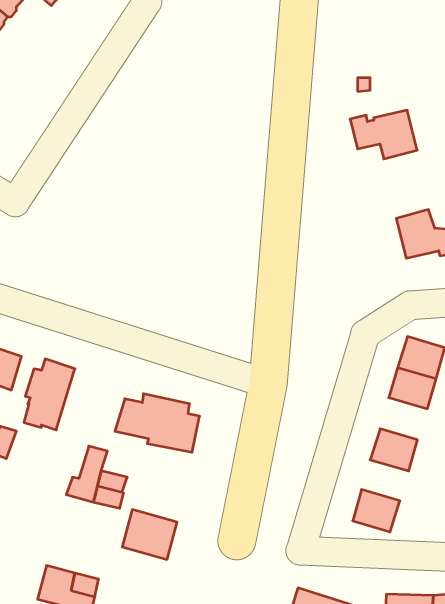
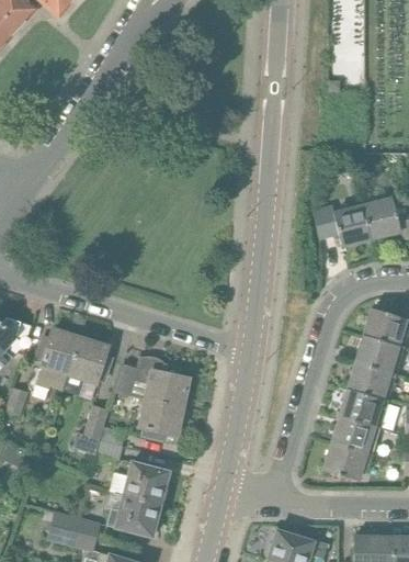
building: [350,110,417,159] -> [313,203,372,246]
building: none -> [64,336,112,395]
building: none -> [349,361,390,398]
building: none -> [138,402,183,438]
building: none -> [332,416,374,452]
building: none -> [106,491,161,537]

